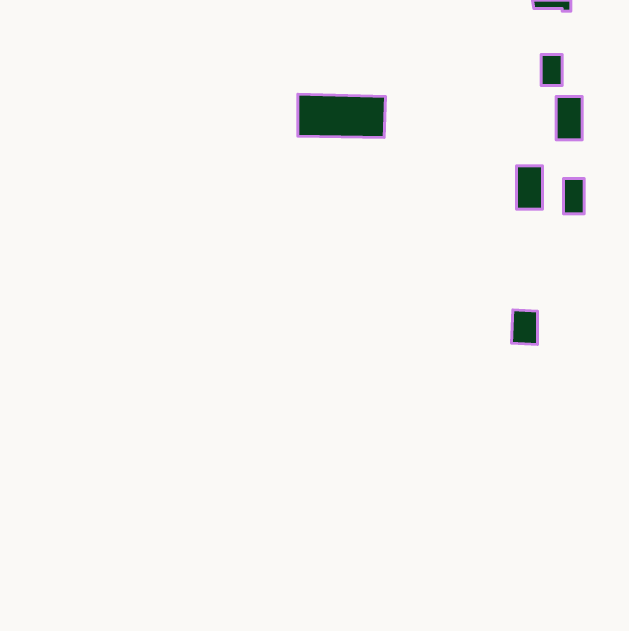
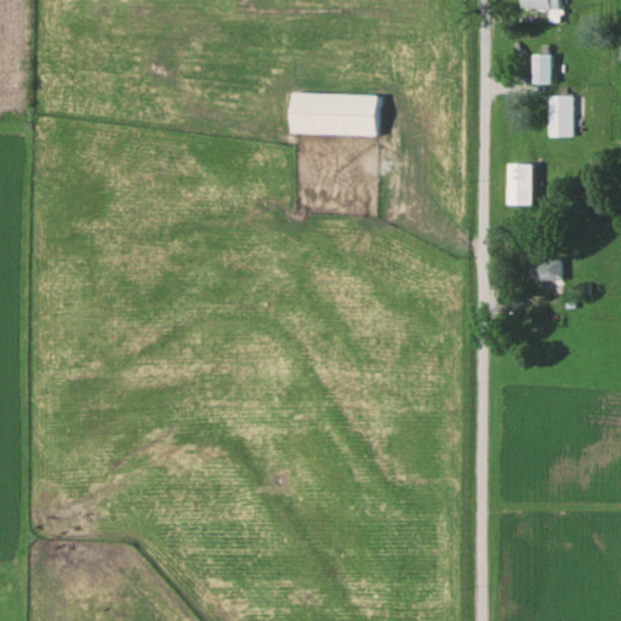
building: [563,179,584,214] -> none
building: [512,310,538,344] -> [534,247,559,281]

